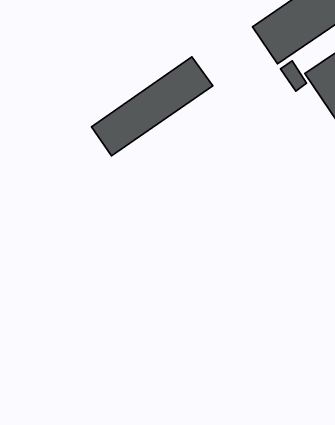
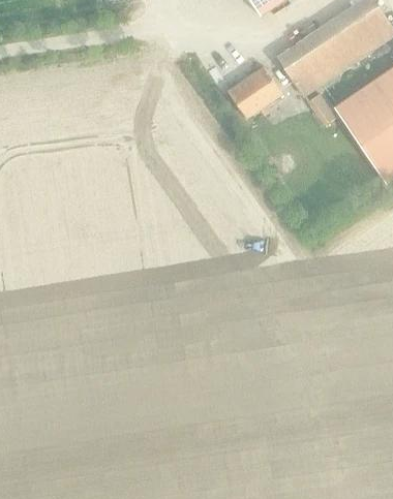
building: none -> [228,65,282,117]
building: [92,57,213,156] -> none

